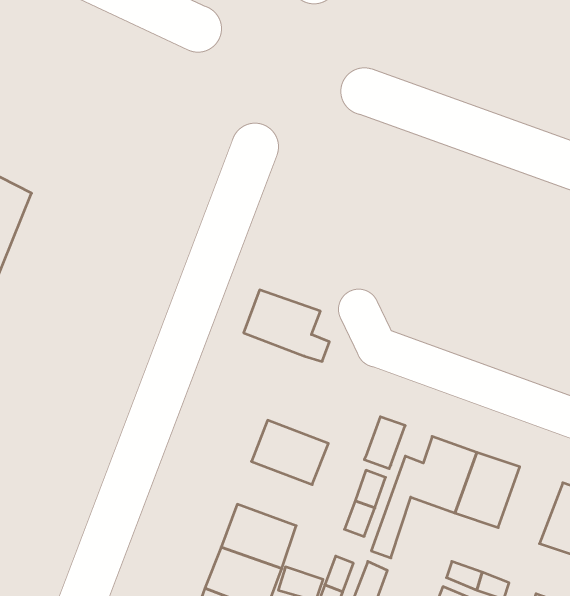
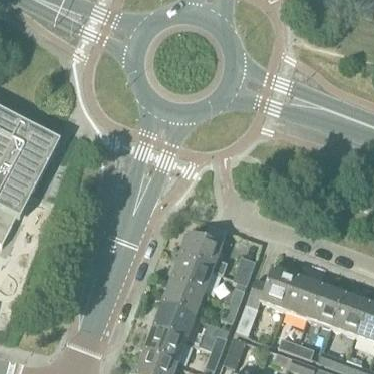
building: [244,290,329,361] -> [178,234,227,274]
building: none -> [161,281,204,317]
building: none -> [308,284,344,327]

